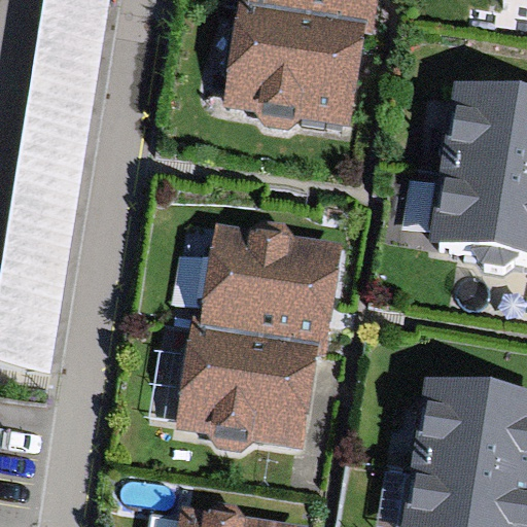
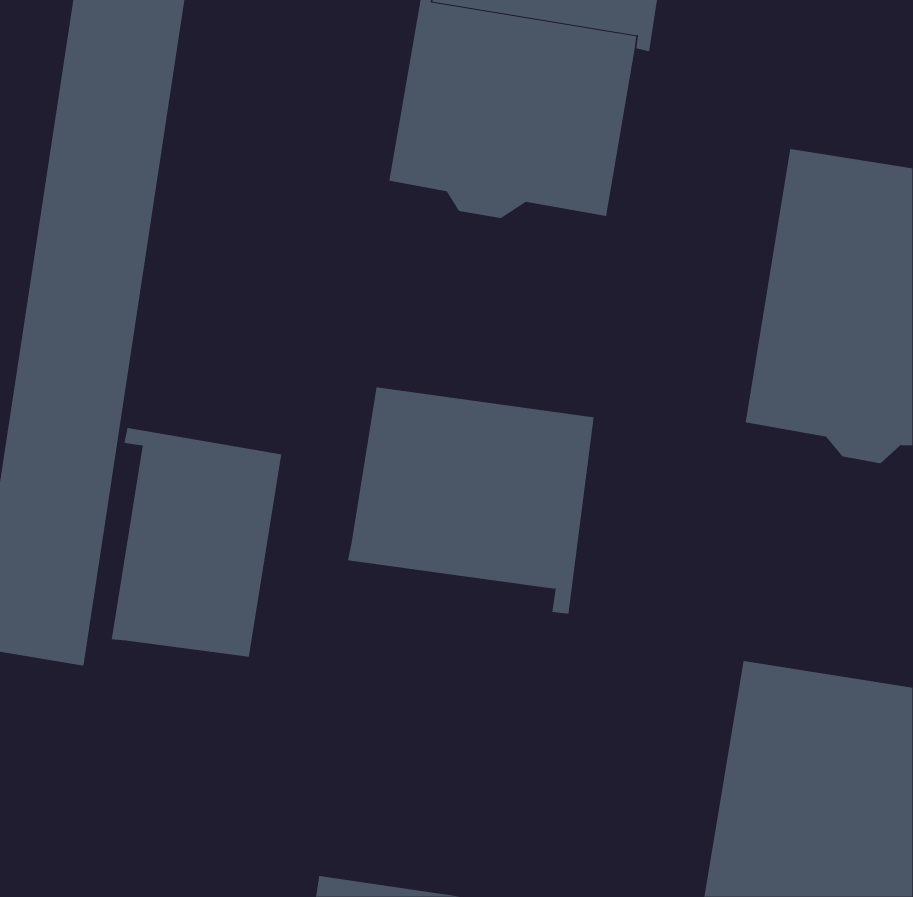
building: none -> [111,427,282,658]
building: [175,311,319,447] -> none

